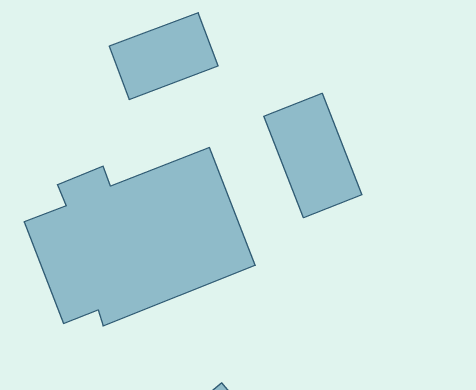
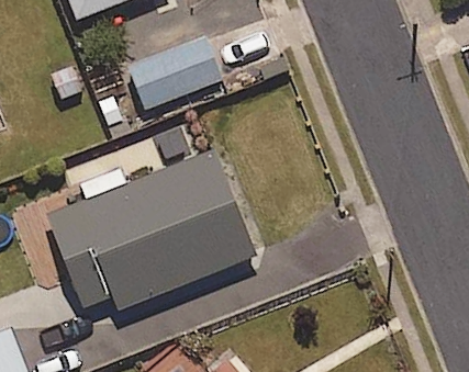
building: [264,93,362,218] -> none

